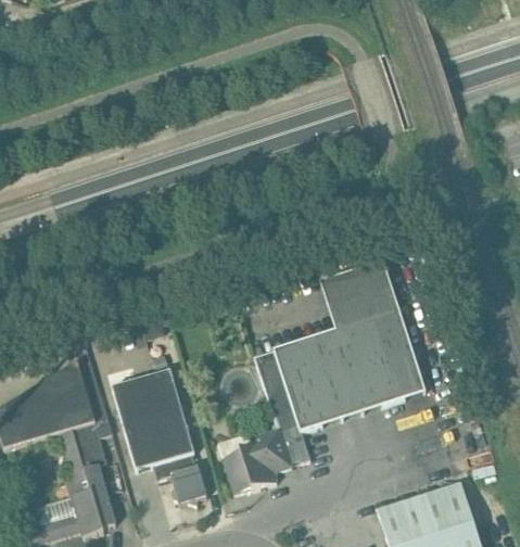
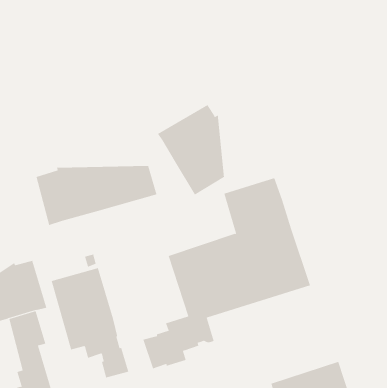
building: none -> [157,104,225,196]
building: none -> [36,165,157,226]

